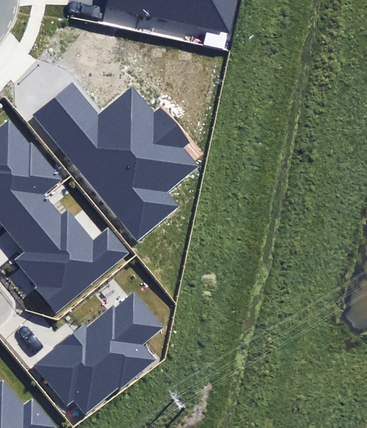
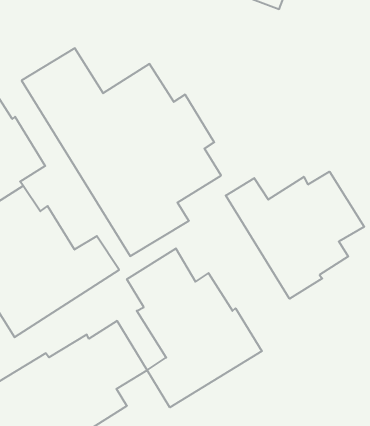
building: none -> [226,172,364,299]
building: none -> [127,248,262,407]

